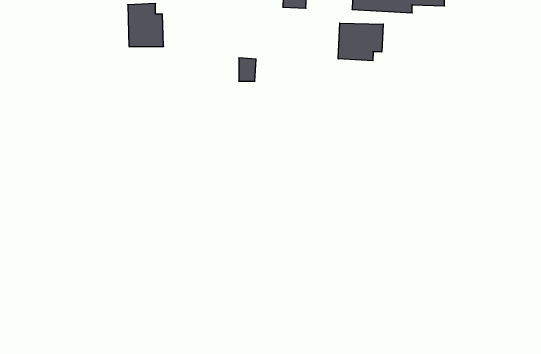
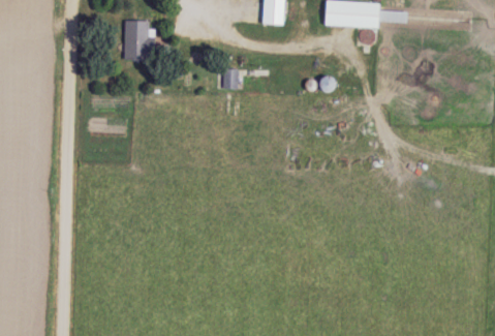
building: [338,23,383,61] -> none

